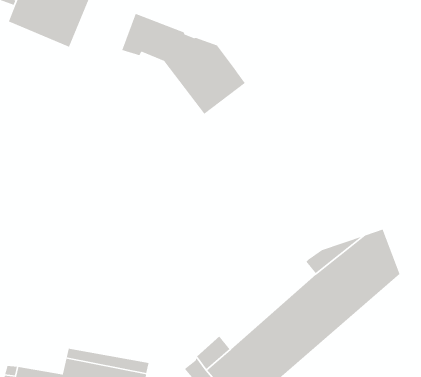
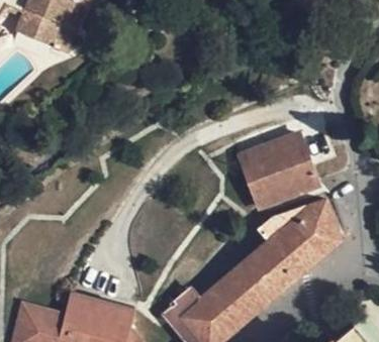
building: [121,13,246,115] -> none
building: none -> [240,132,318,207]

